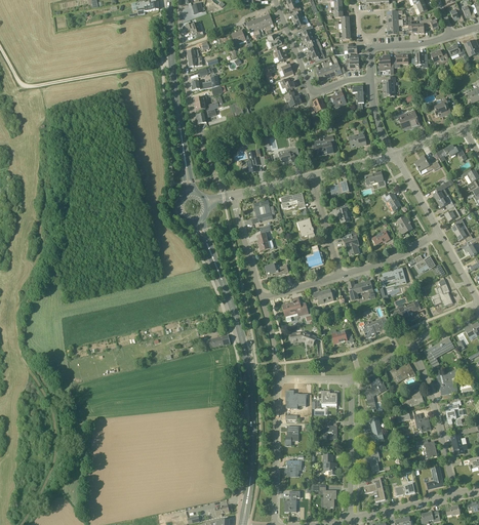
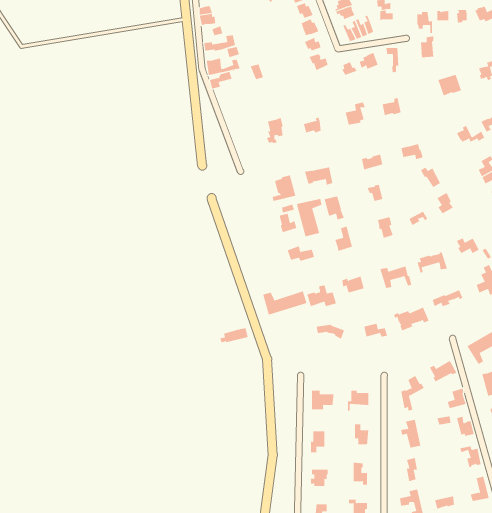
building: none -> [296,198,322,237]
building: none -> [263,290,307,315]

